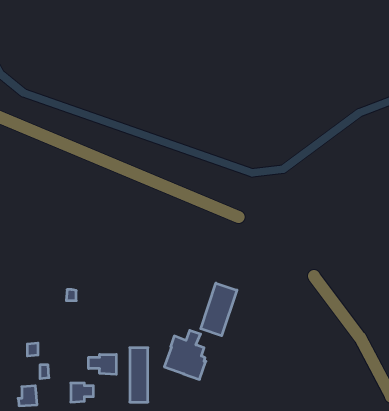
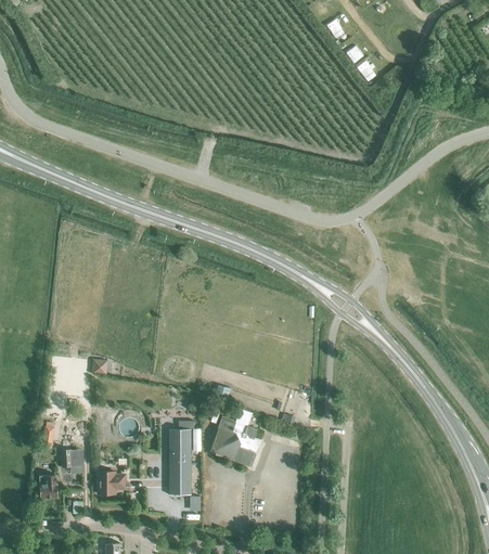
building: [201,283,237,336] -> none
building: [89,354,116,374] -> none

